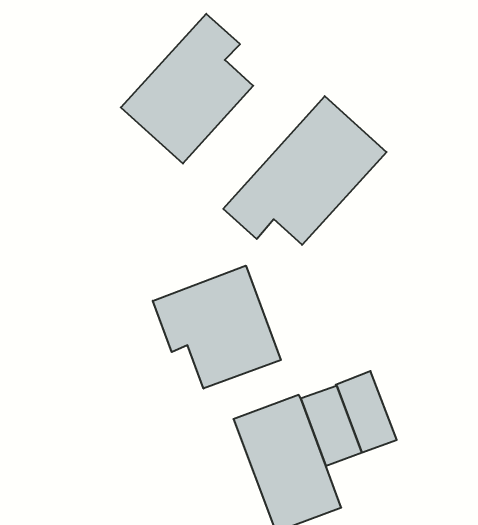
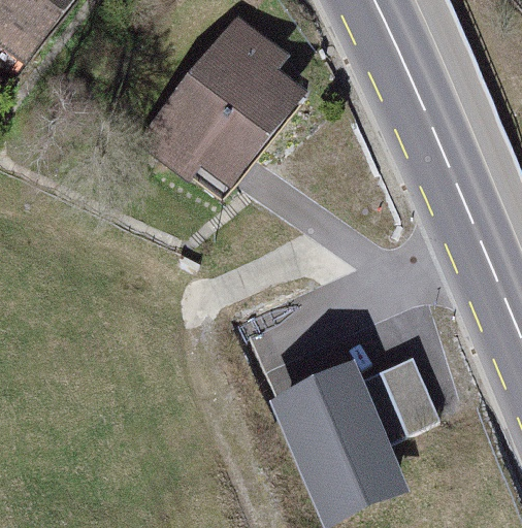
building: [223,96,387,245] -> none
building: [153,266,281,389] -> none

